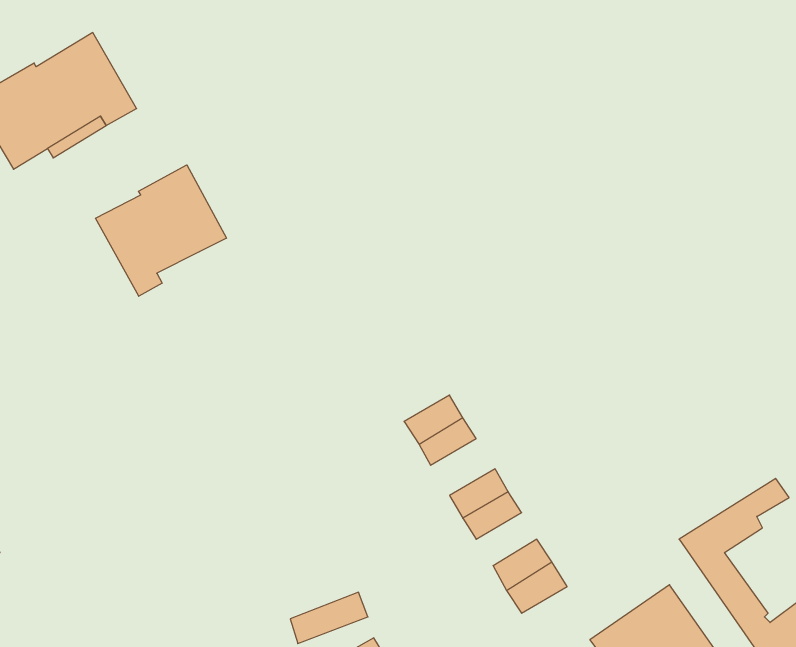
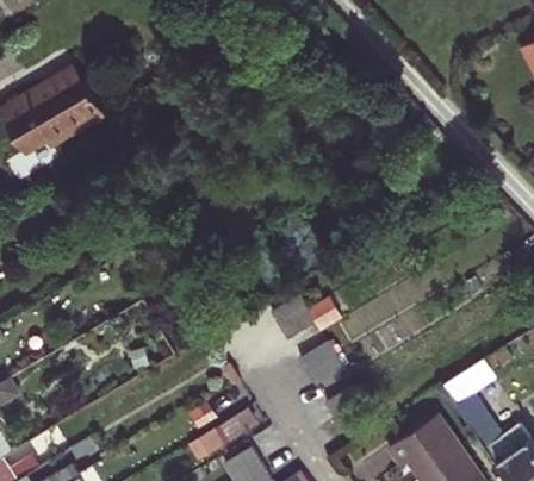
building: [96,165,226,296] -> none

